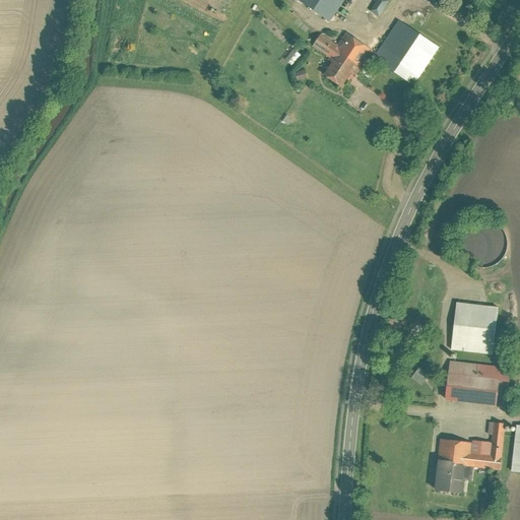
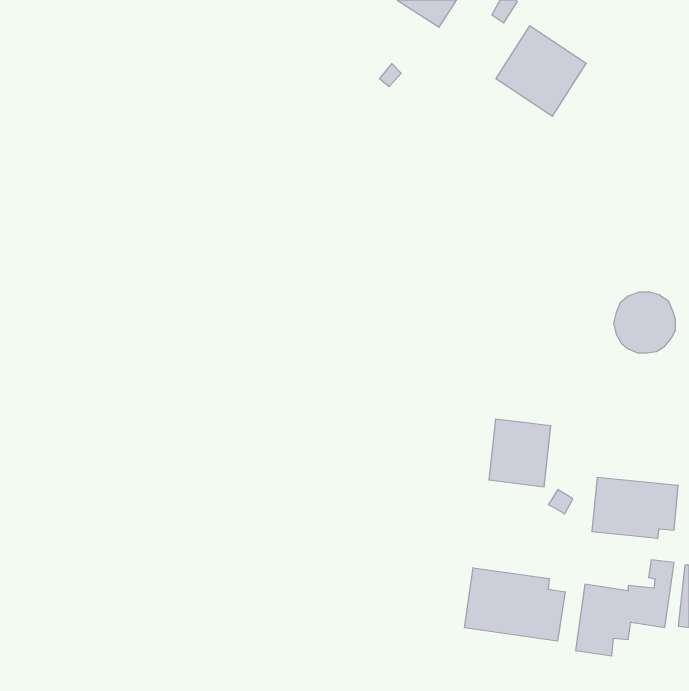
building: [312,30,373,86] -> none
building: [451,302,498,352] -> [489,419,551,487]
building: none -> [465,568,565,641]

